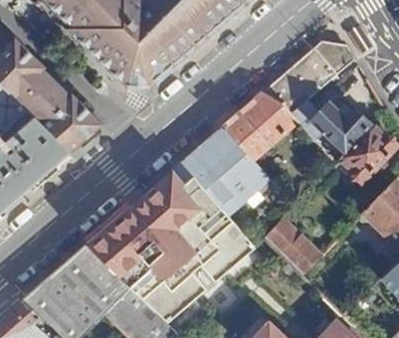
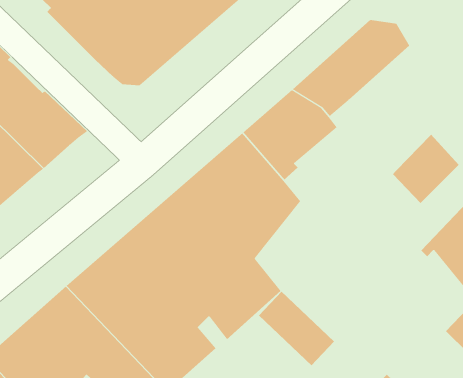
building: [290,101,368,155] -> none
building: [261,220,321,279] -> [258,291,335,366]

